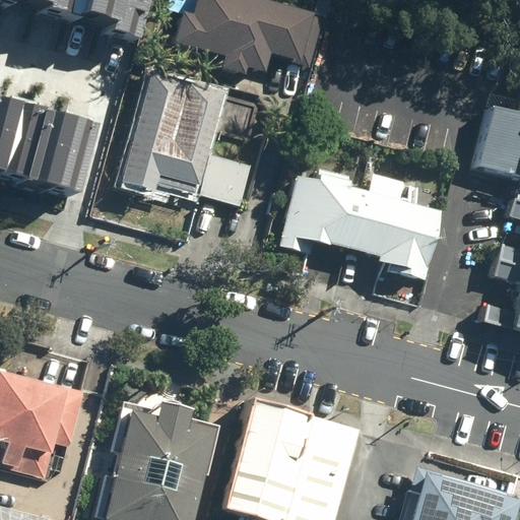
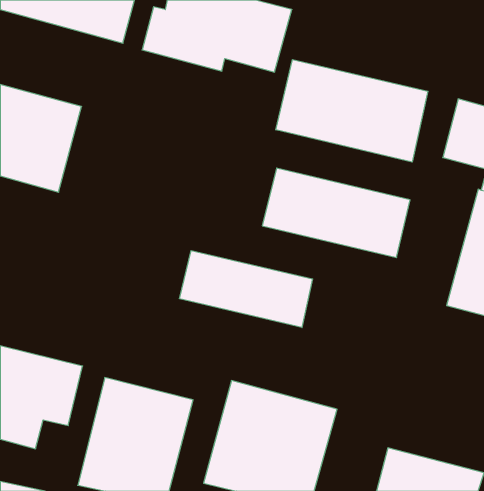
building: none -> [276,60,428,162]
building: [122,72,262,195] -> none
building: none -> [180,251,313,328]

